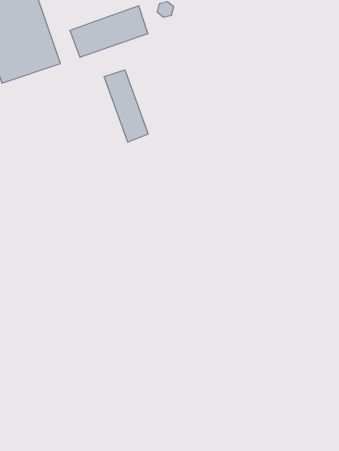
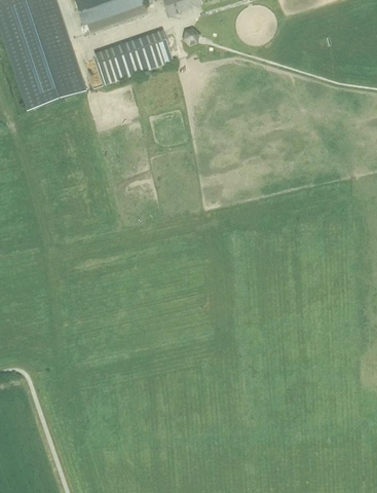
building: [104,70,148,142] -> none

